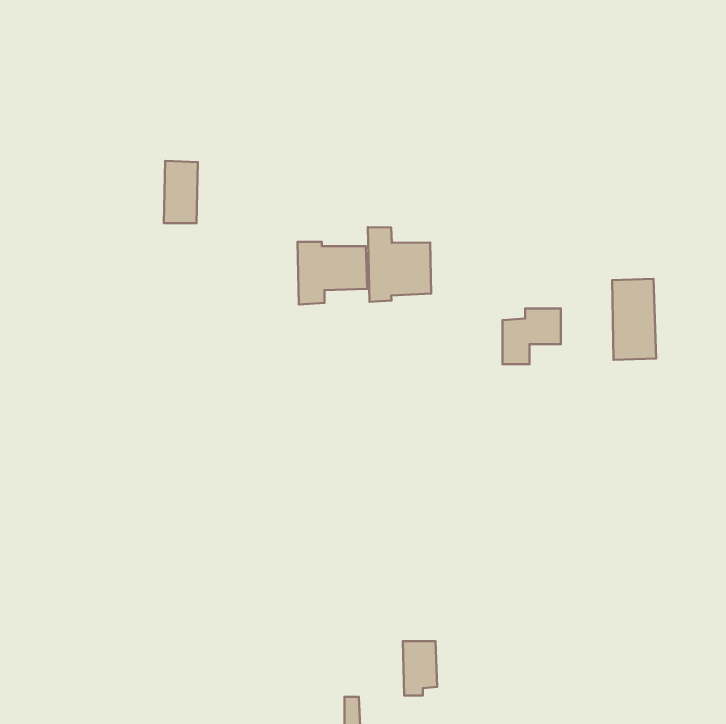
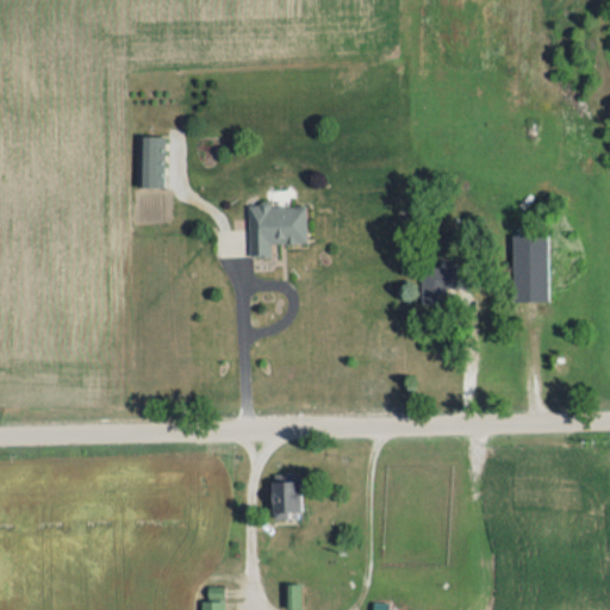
building: [368,227,431,302] -> none
building: [403,641,437,695] -> [274,475,303,521]

